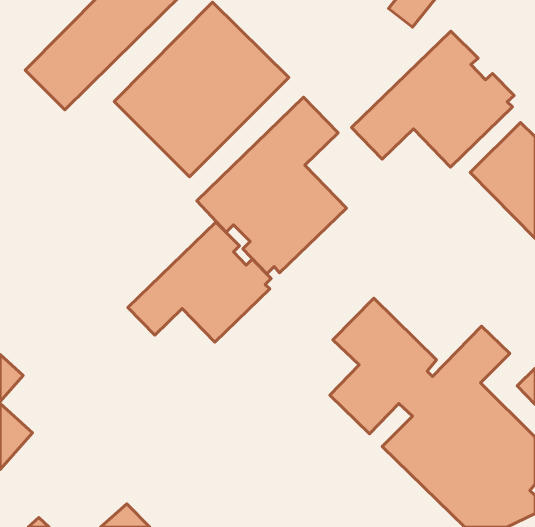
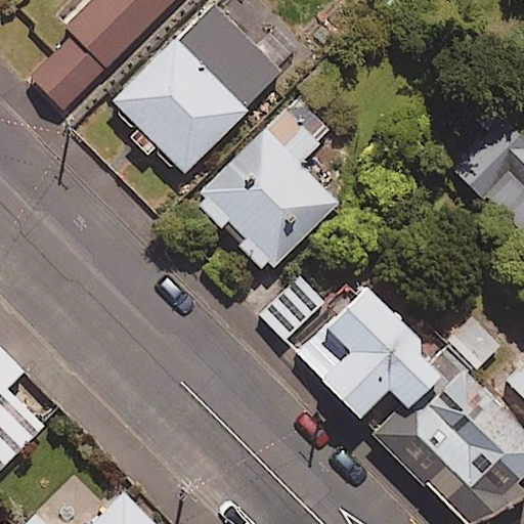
building: [352,31,514,167] -> none
building: [128,222,271,342] -> none

